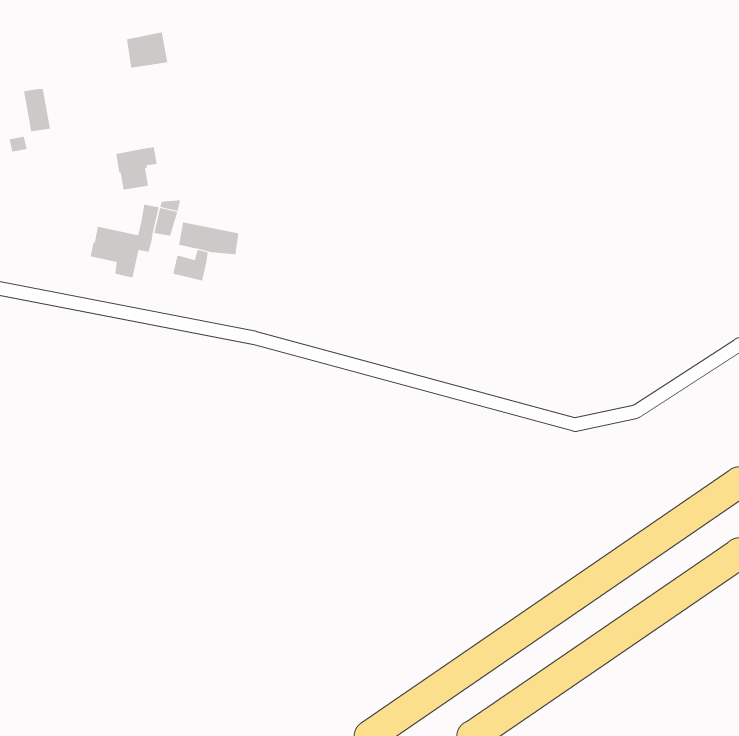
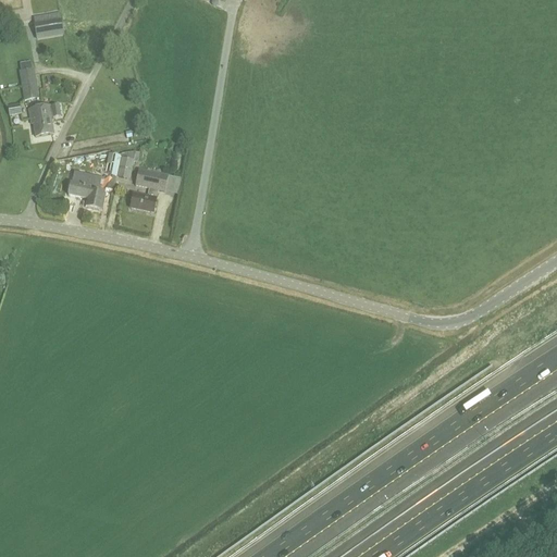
building: [126,32,168,68] -> [32,9,63,36]
building: [115,147,158,190] -> [28,102,60,135]

